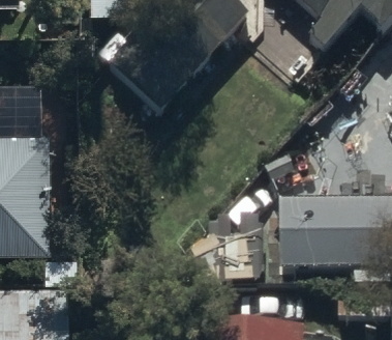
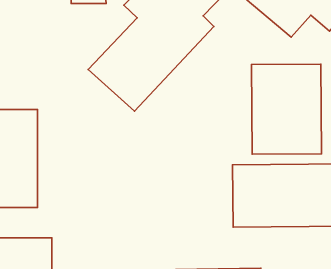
building: none -> [251,64,322,154]

